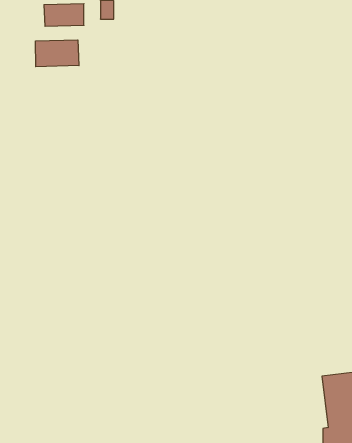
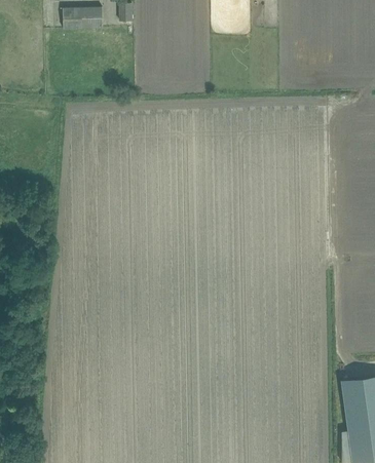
building: [36,40,79,67] -> none

